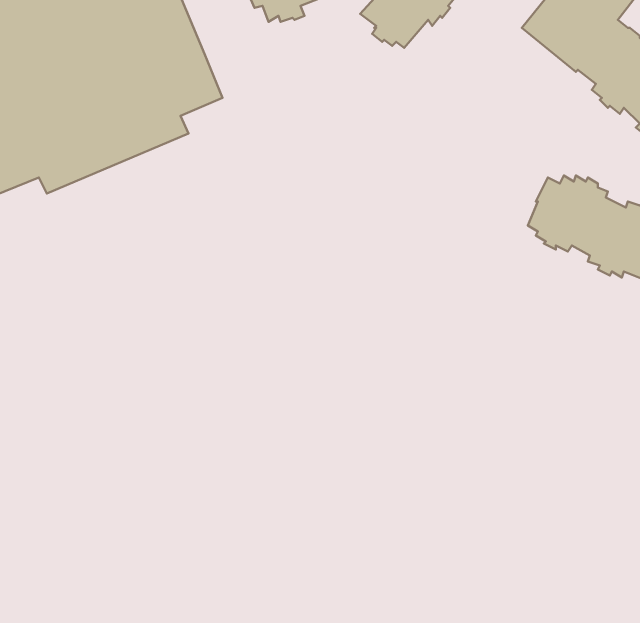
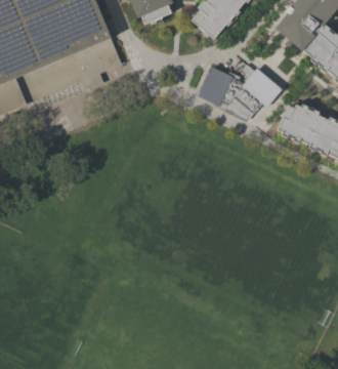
building: none -> [199,64,283,120]

